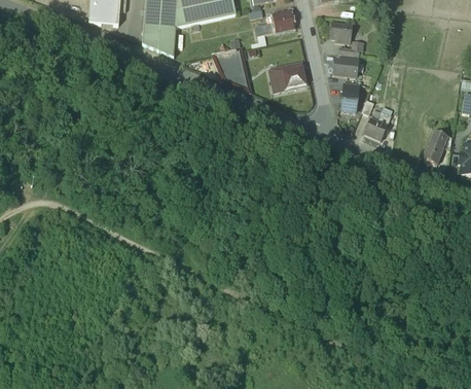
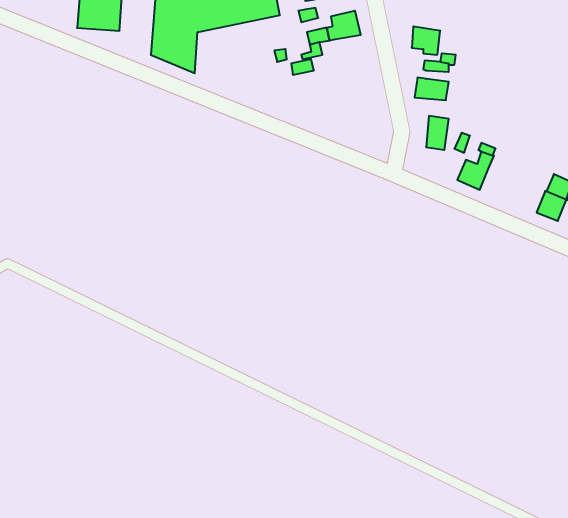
building: [213,48,241,72] -> none
building: [268,60,307,90] -> none

